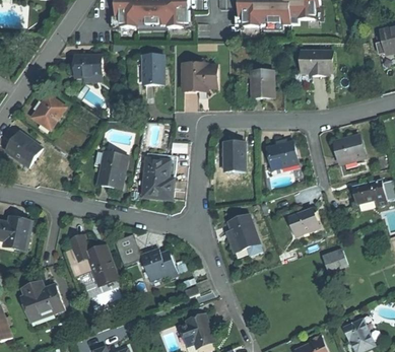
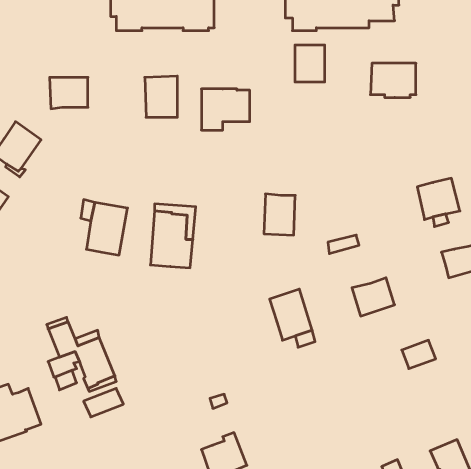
building: [252,71,273,97] -> [295,45,325,82]
building: [267,141,299,169] -> none
building: [114,232,178,278] -> none

